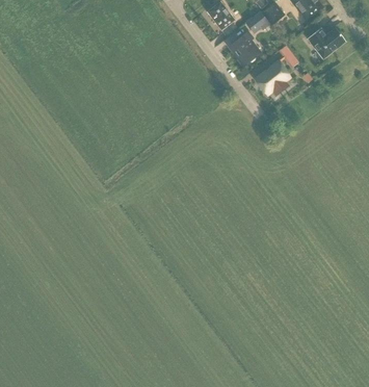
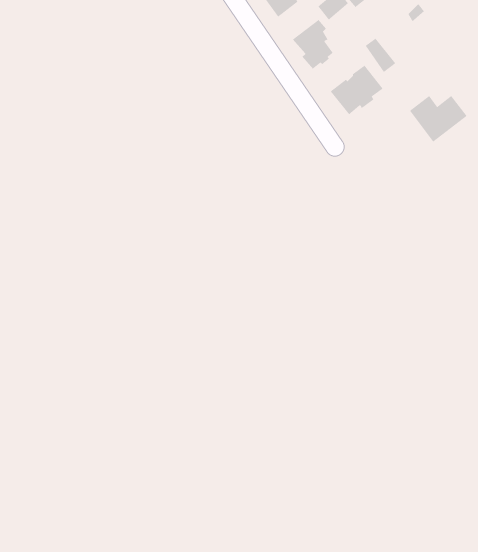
building: [308,27,346,58] -> [409,95,467,143]

